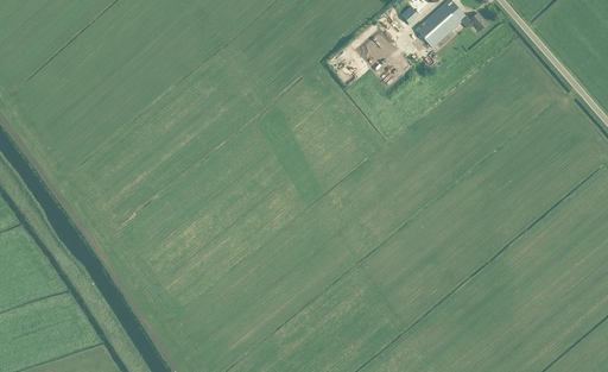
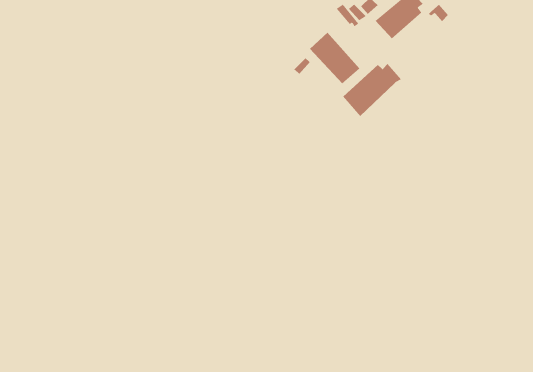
building: none -> [342,63,402,117]

